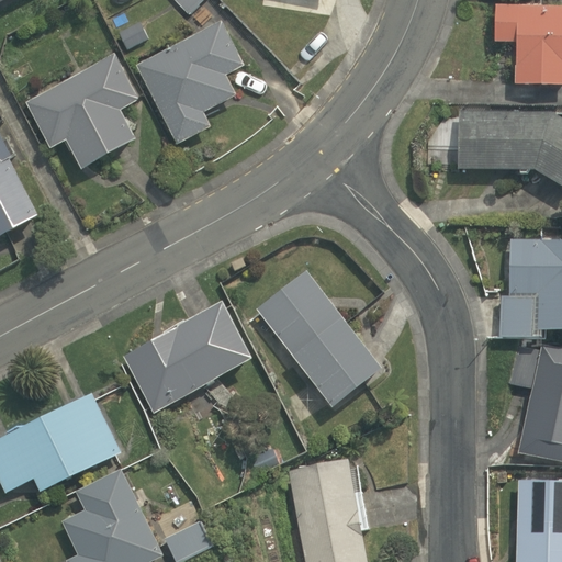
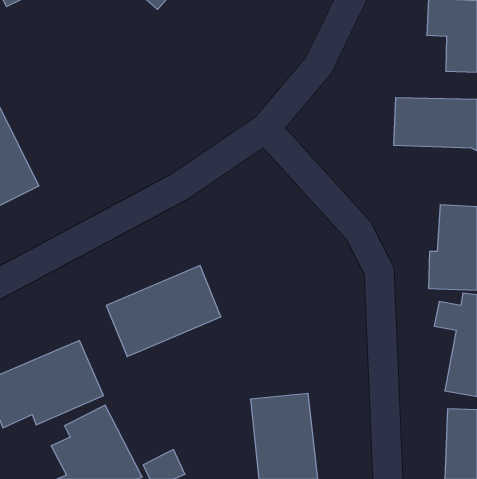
building: [133,15,244,146] -> none
building: [29,56,148,173] -> none
building: [254,265,392,413] -> none

